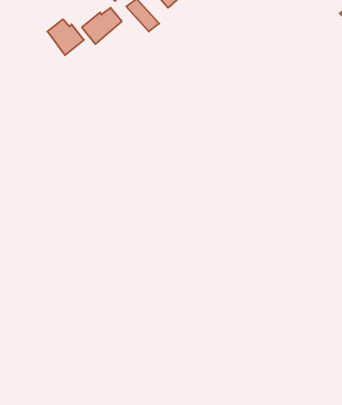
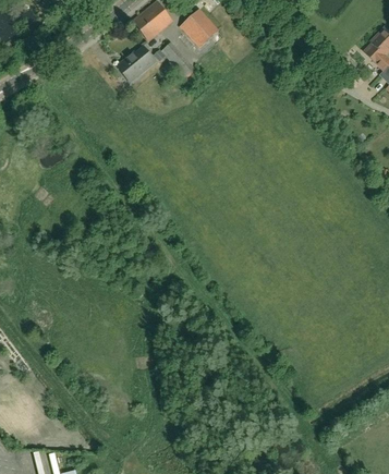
building: [47,19,84,55] -> none

